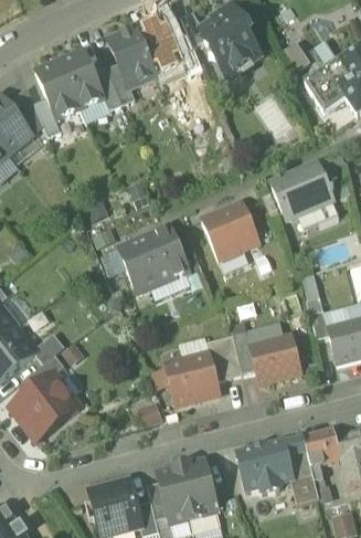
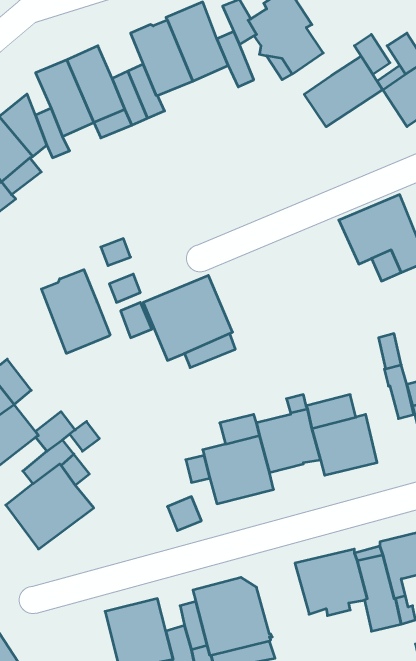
building: none -> [304,56,382,127]
building: [201,201,259,259] -> none
building: none -> [41,270,110,353]

